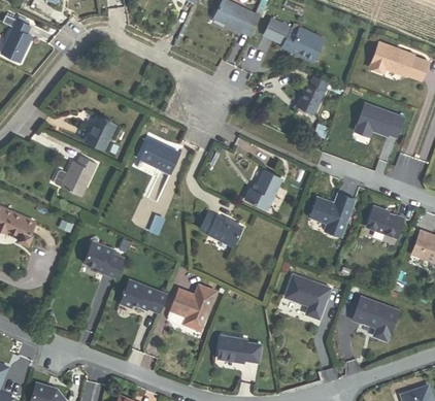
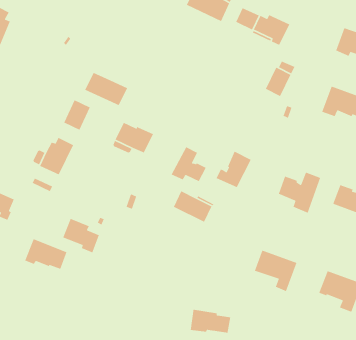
building: none -> [84,72,128,106]
building: none -> [171,146,207,182]
building: [121,278,166,311] -> [24,238,68,270]
building: [168,283,215,329] -> none

